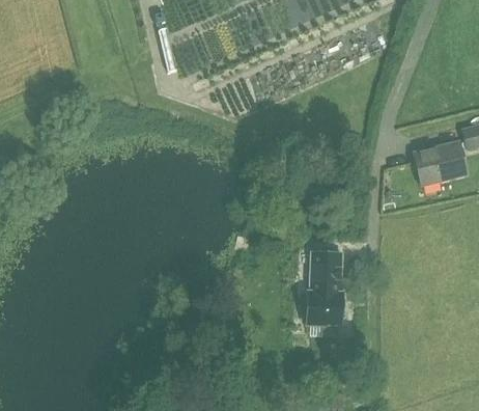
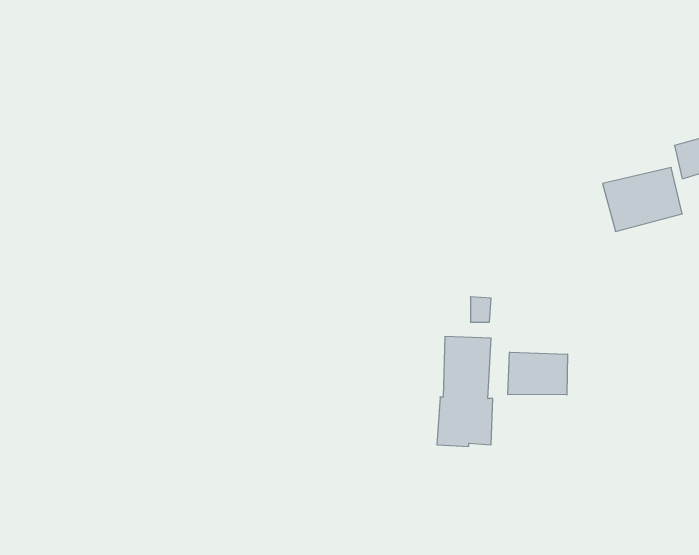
building: none -> [508,352,568,395]

